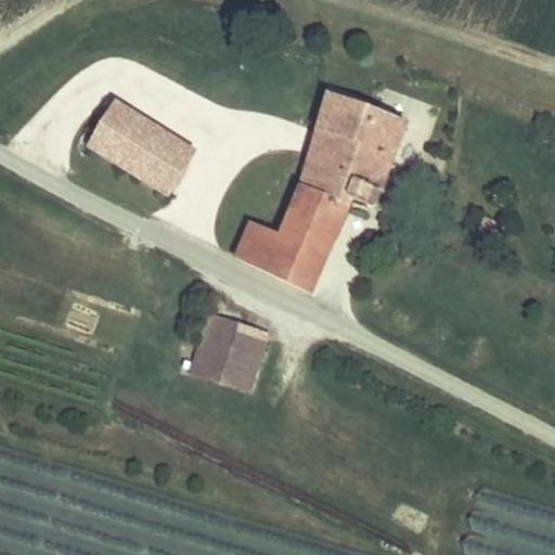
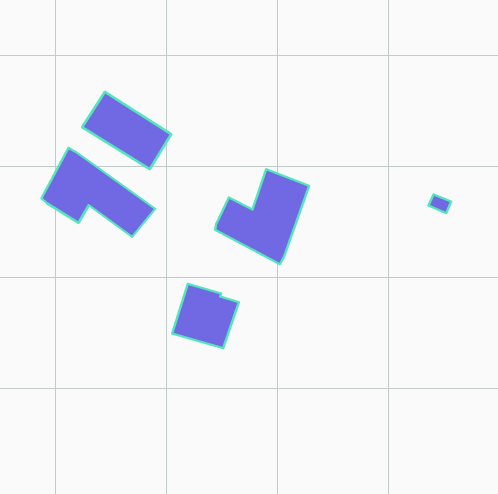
building: [297,96,400,206] -> none
building: none -> [41,148,155,237]

